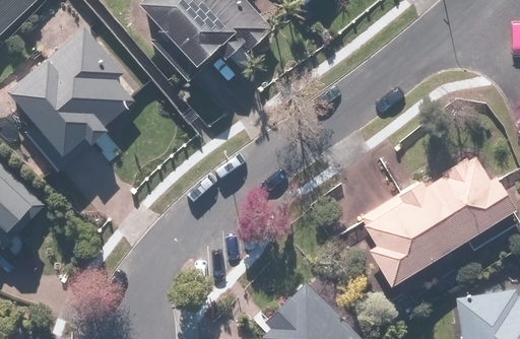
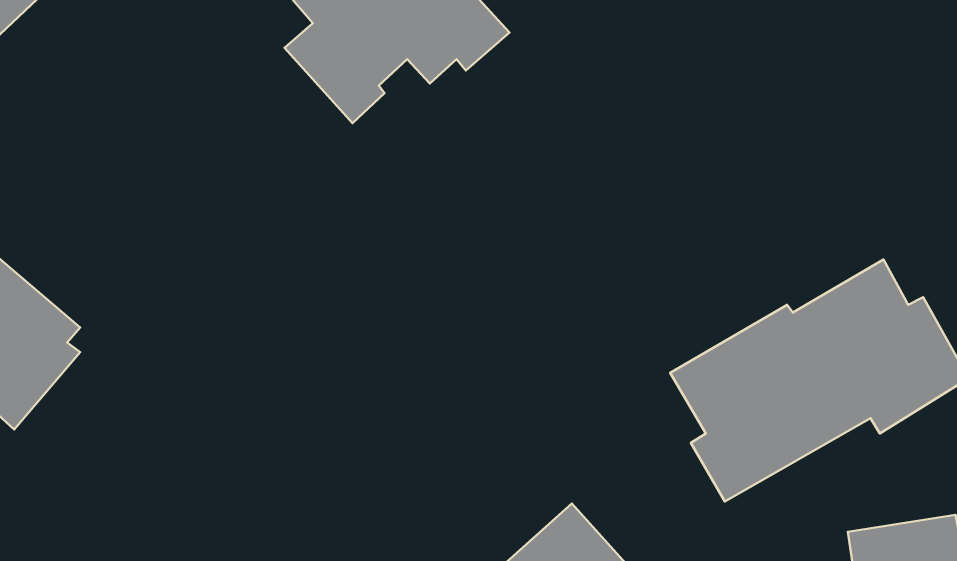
building: [7,28,135,173] -> none

